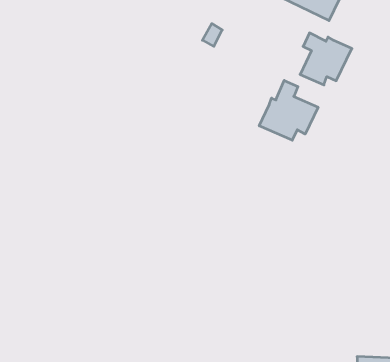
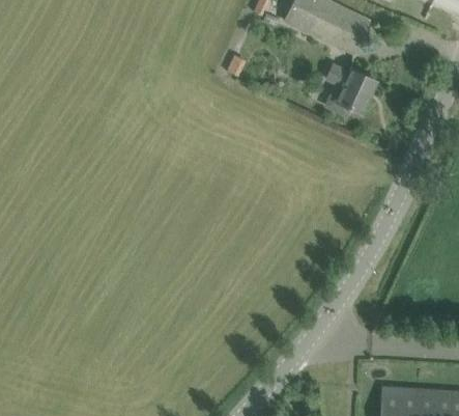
building: [259,80,318,140] -> none

